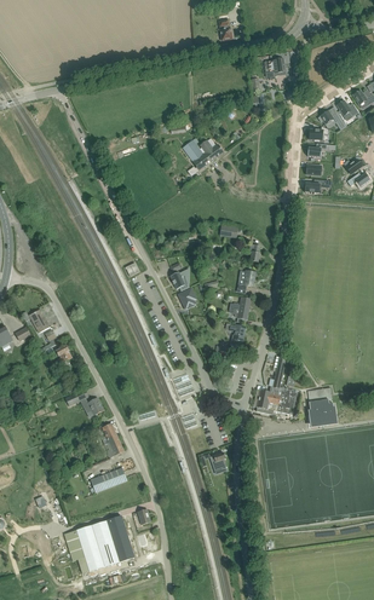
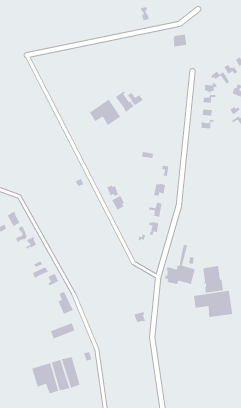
building: none -> [89,99,121,126]
building: none -> [193,290,233,318]

